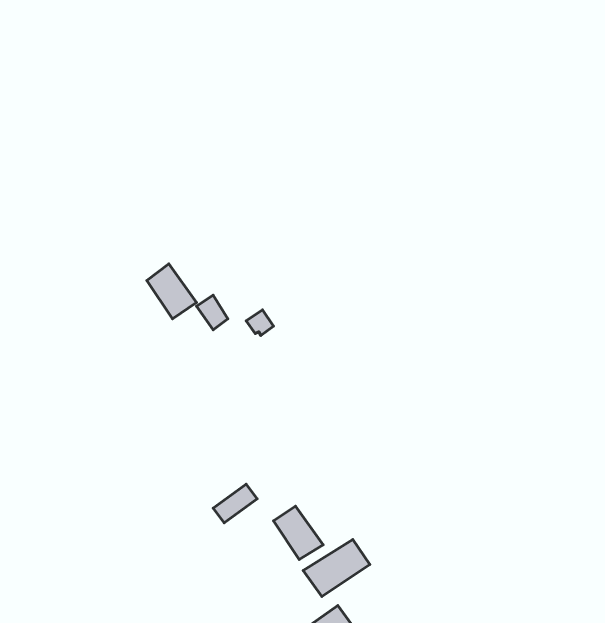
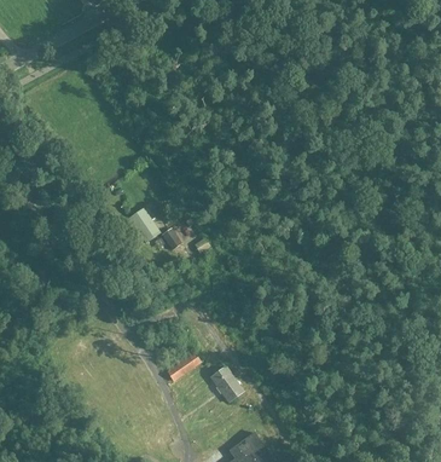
building: [303,539,370,596] -> none

